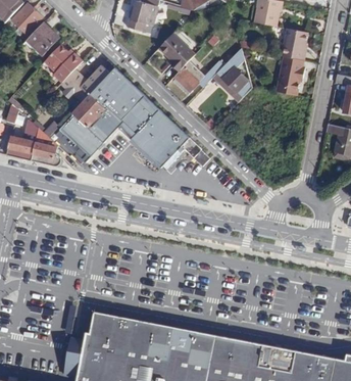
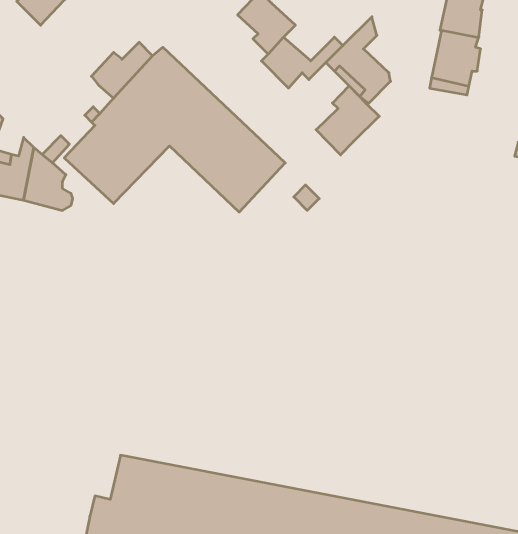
building: [43,45,82,83] -> none
building: none -> [316,86,379,155]

